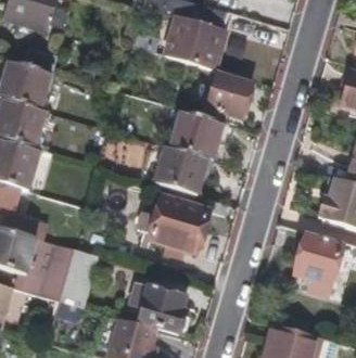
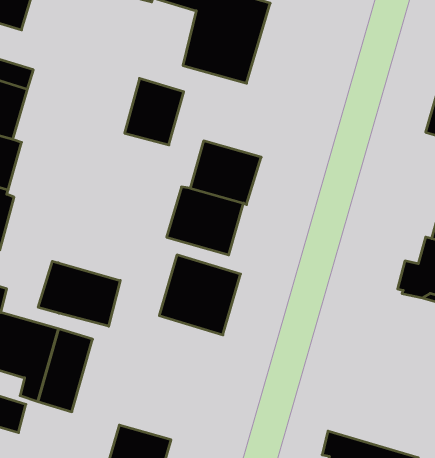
building: [203,68,246,117] -> [125,78,184,145]
building: none -> [38,261,120,326]
building: [294,232,343,285] -> none
building: [138,283,192,334] -> none

